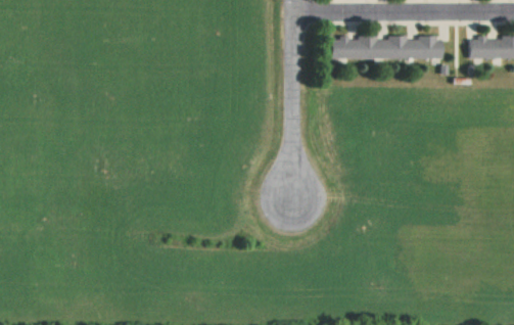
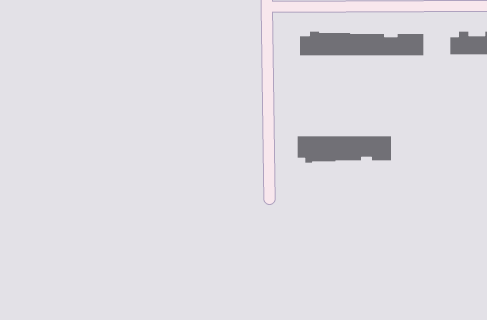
building: none -> [297,136,392,163]

